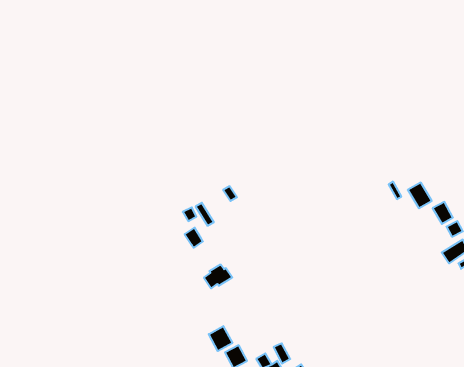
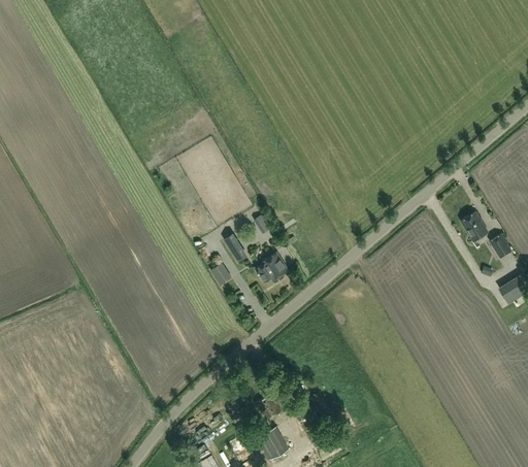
building: [204,265,232,288] -> [255,256,287,282]
building: [209,326,232,351] -> none

